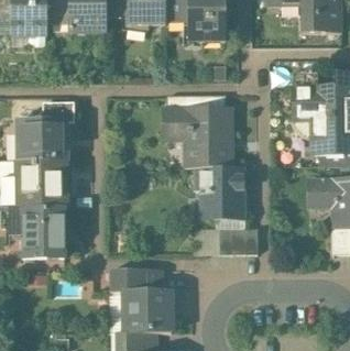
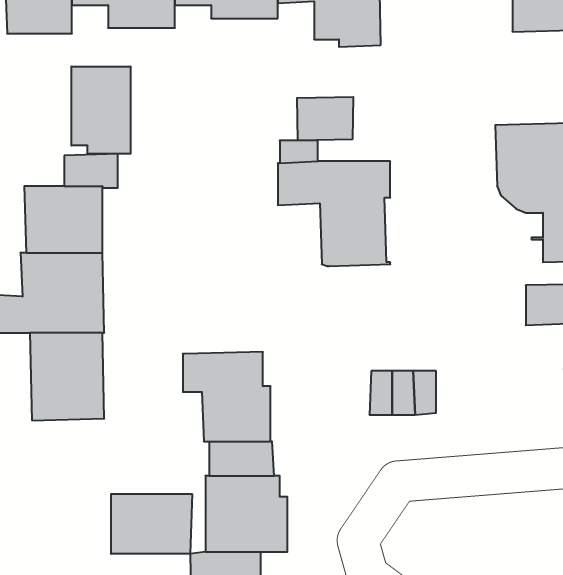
building: none -> [71,66,131,154]
building: none -> [297,97,353,140]
building: [194,167,244,219] -> [183,352,271,441]
building: none -> [111,494,192,554]

